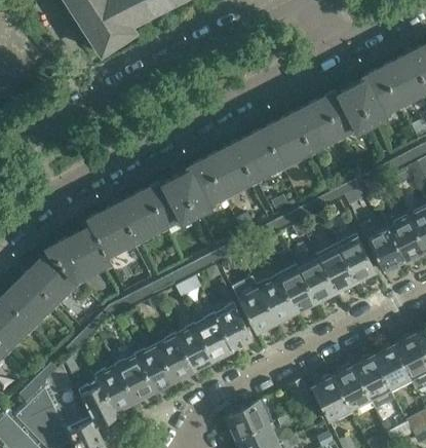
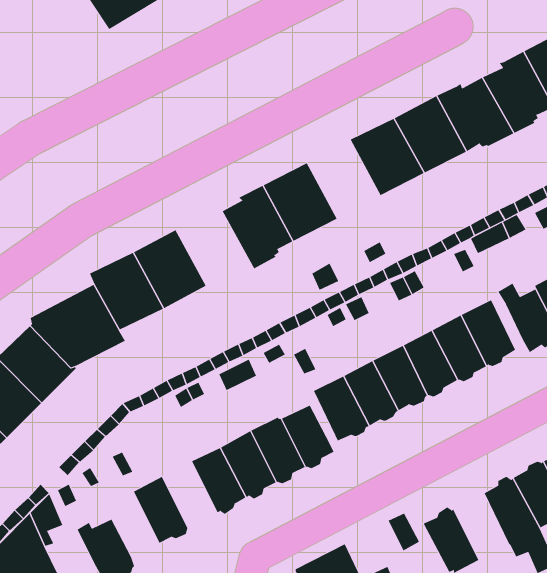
building: [234,127,283,181] -> none
building: [146,176,198,226] -> none
building: [137,344,173,389] -> none
building: [99,365,134,409] -> none
building: [333,365,371,411] -> none

